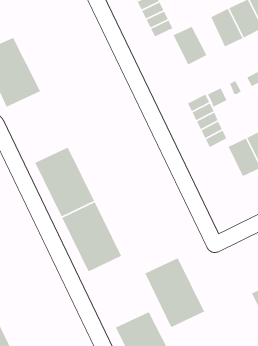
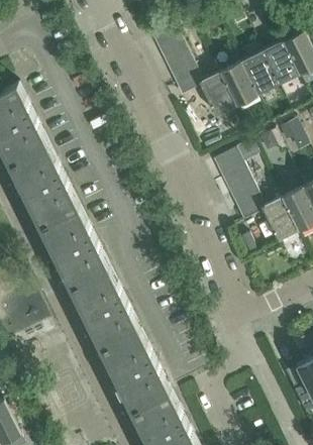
building: none -> [217,63,253,106]
building: none -> [8,146,78,226]
building: [144,257,205,328] -> [100,331,169,411]

